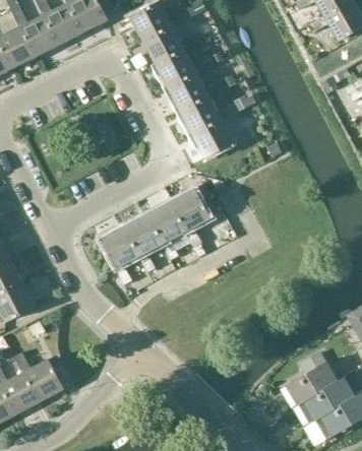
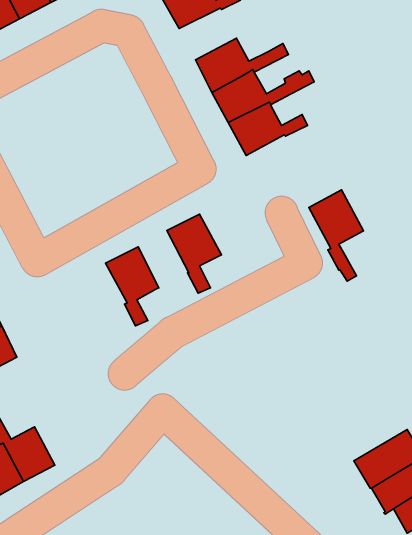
building: [155,47,213,85] -> none
building: [170,187,210,255] -> [309,190,363,281]
building: [124,212,162,272] -> none

